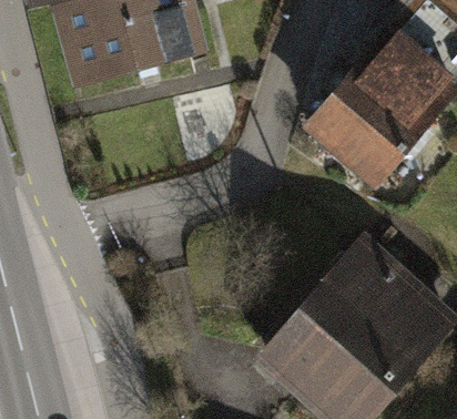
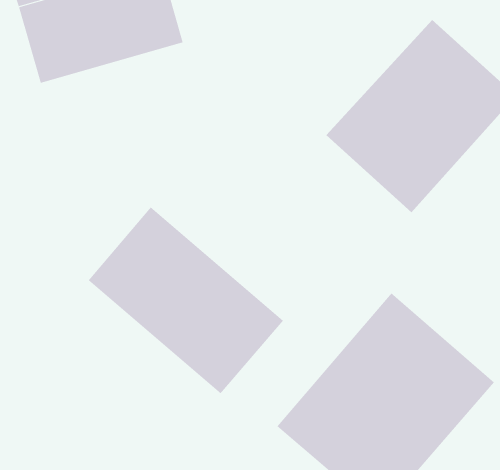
building: none -> [88,207,284,394]

